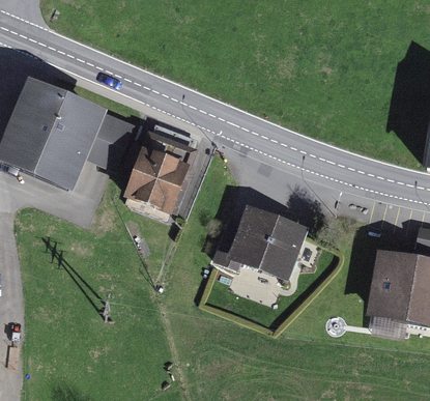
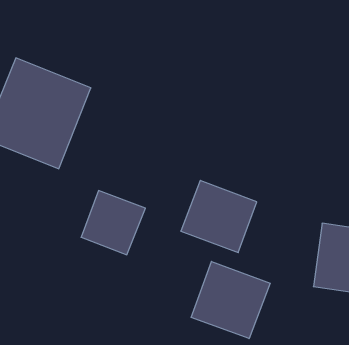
building: [118,149,187,218] -> [81,191,145,255]
building: none -> [191,261,270,339]

